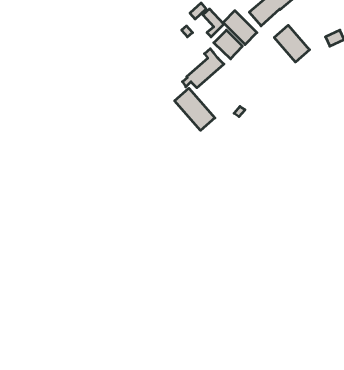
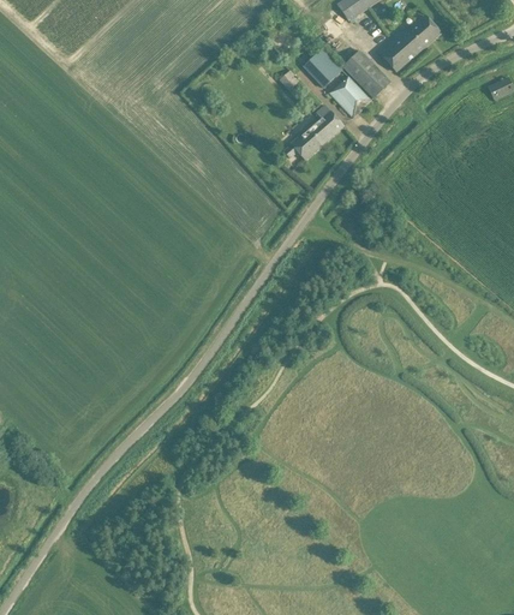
building: [274,25,310,62] -> none
building: [175,88,215,130] -> none

